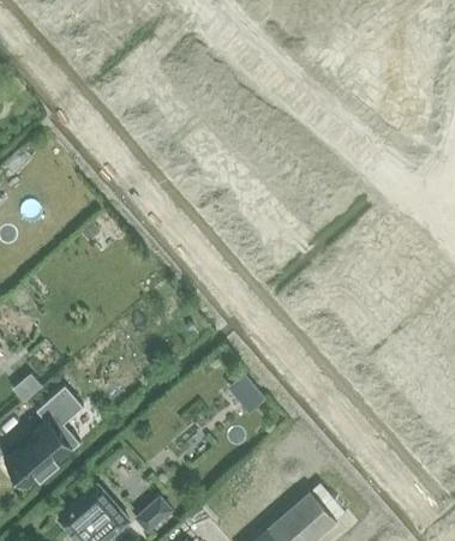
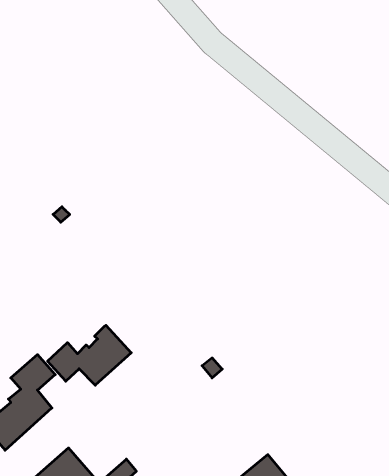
building: none -> [48,325,131,385]

